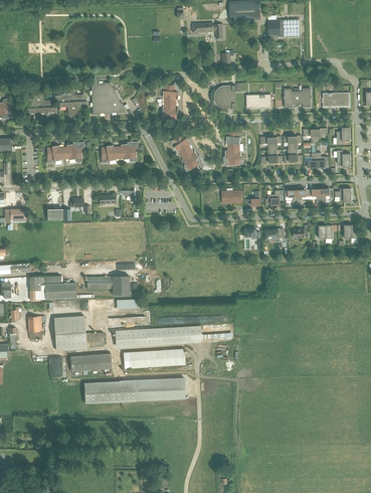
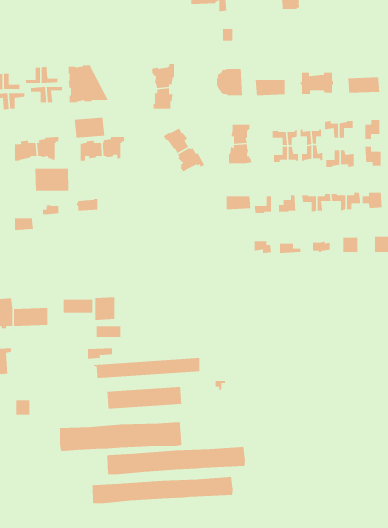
building: none -> [74,117,105,138]
building: none -> [35,168,69,191]
building: [53,315,104,350] -> none
building: [69,354,111,371] -> none
building: none -> [106,446,246,475]
building: none -> [91,476,233,504]

